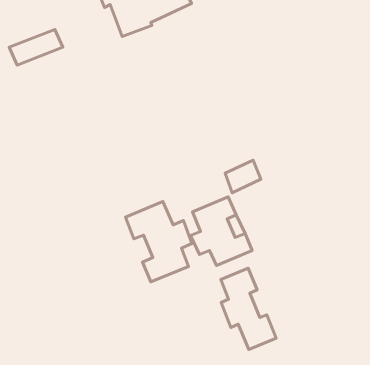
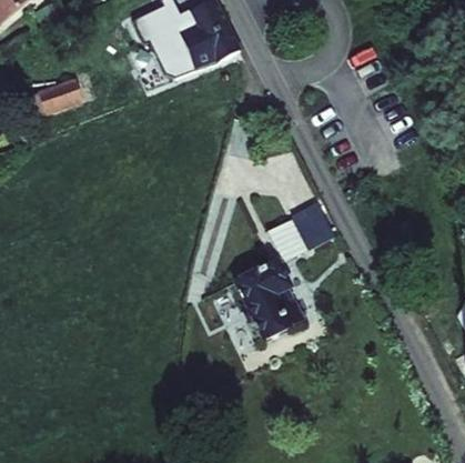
building: [125,202,192,282] -> none
building: [221,268,276,350] -> none

